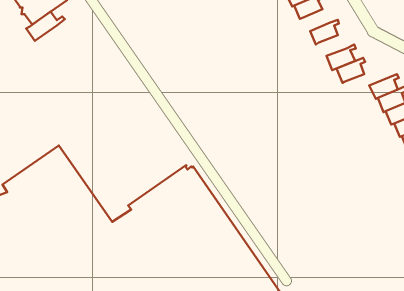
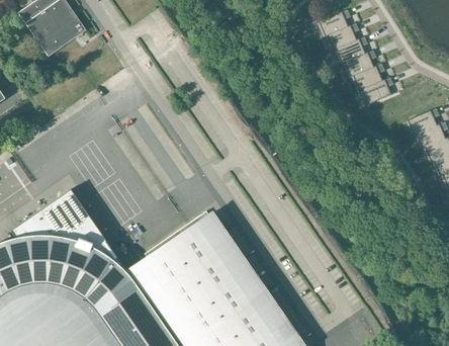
building: none -> [336,38,366,66]
building: [26,12,65,41] -> none
building: [337,58,365,83] -> [353,66,383,92]

